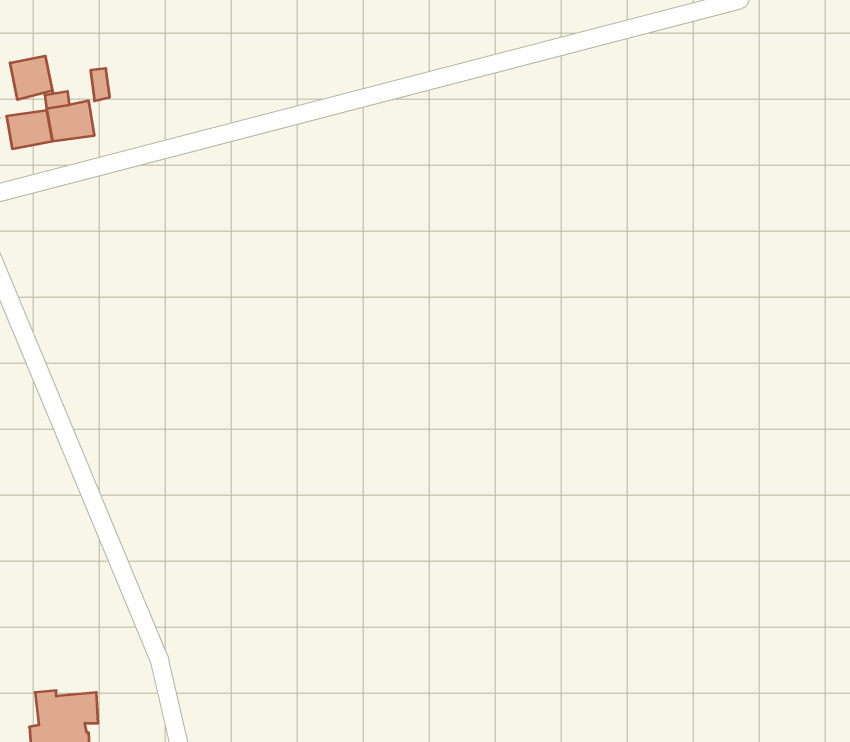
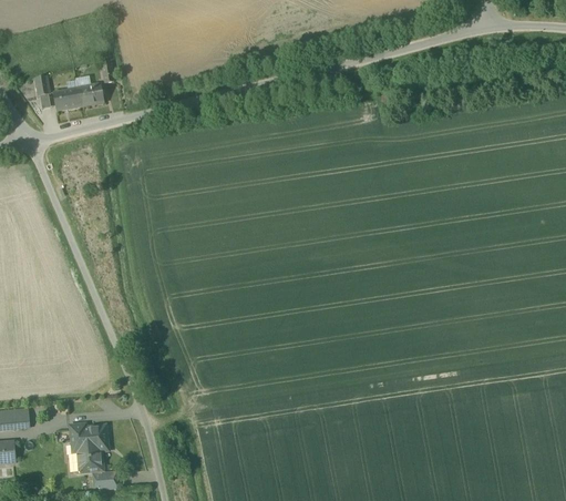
building: [10,56,53,100] -> none

